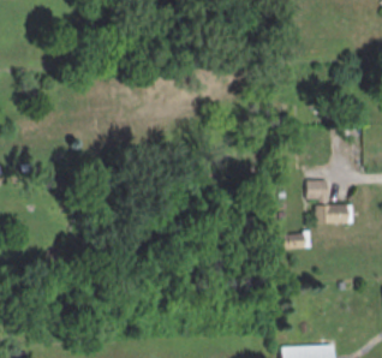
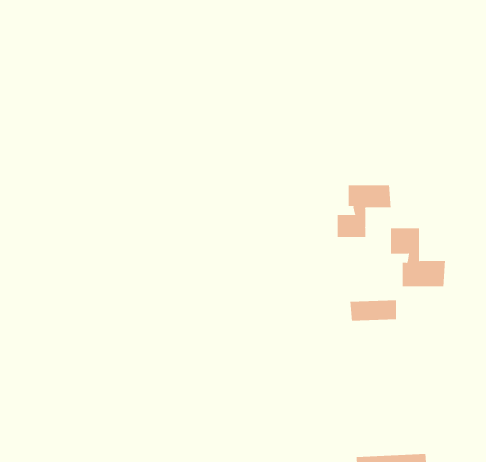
building: none -> [337,185,391,238]

